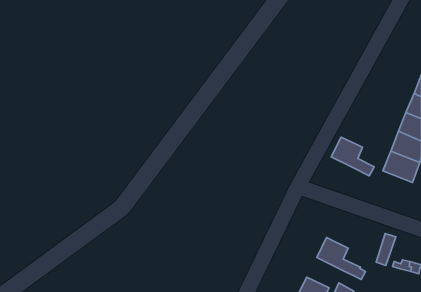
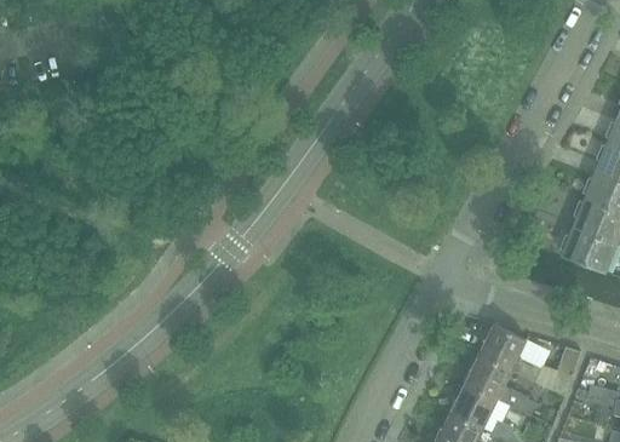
building: [331,137,374,176] -> [480,325,542,381]
building: none -> [450,383,496,427]

